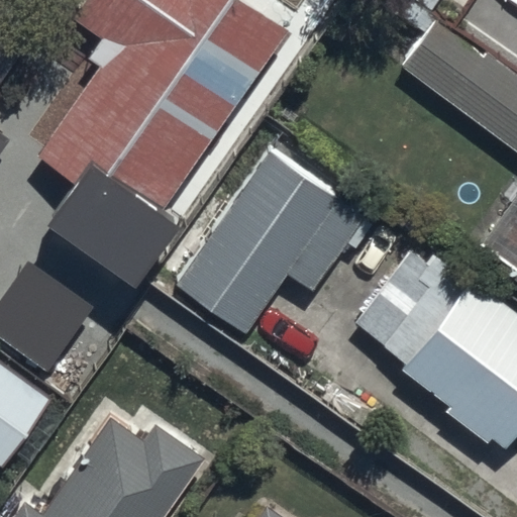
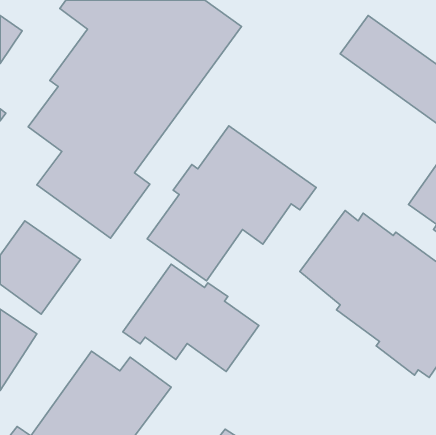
building: none -> [123,264,259,372]

